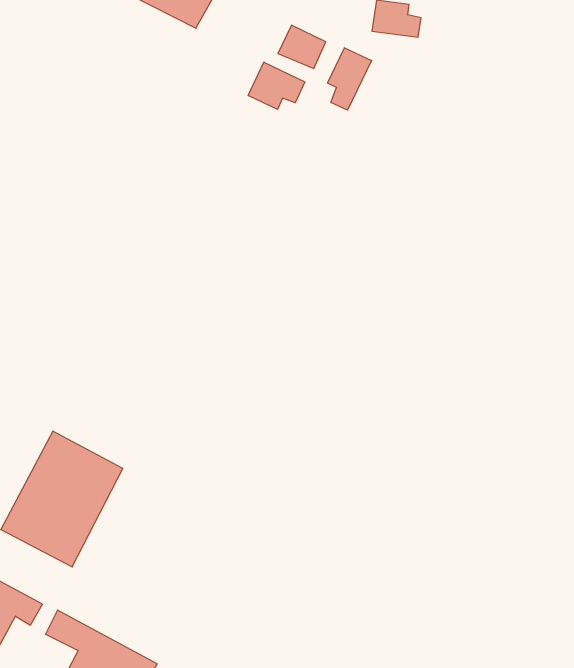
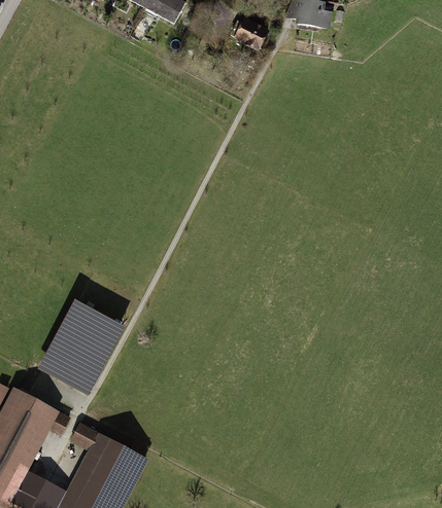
building: [328,48,372,110] -> none
building: [248,62,305,109] -> none

